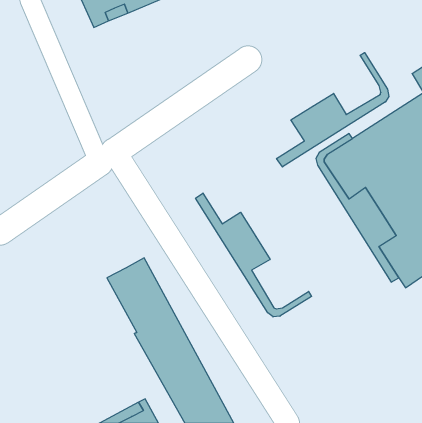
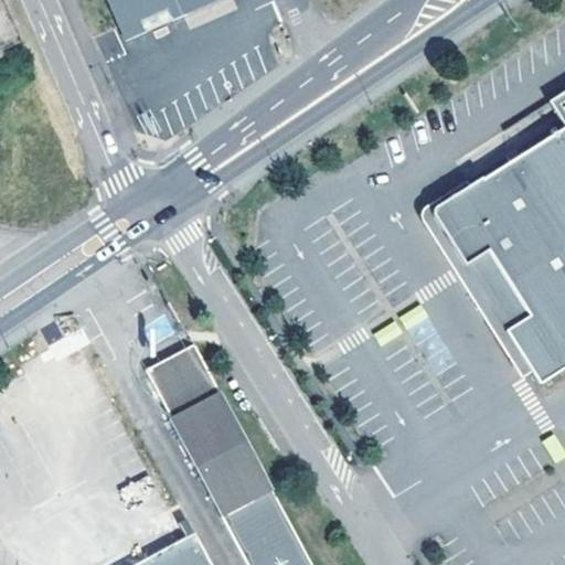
building: [277,53,389,167] -> none
building: [196,193,312,317] -> none

